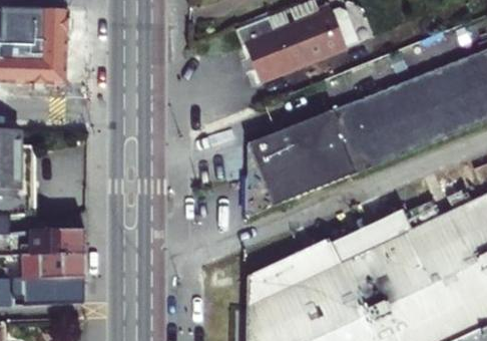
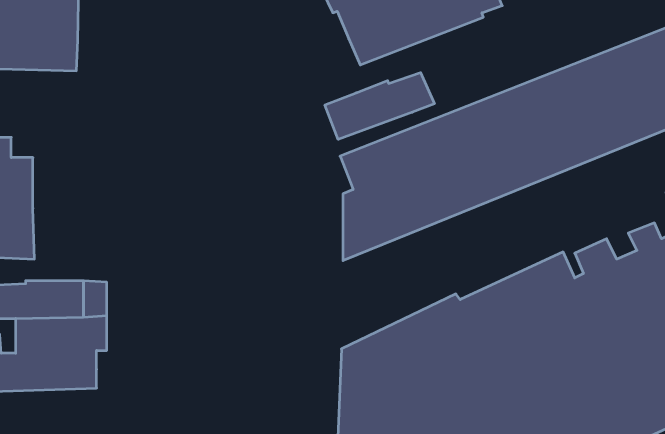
building: none -> [325,73,434,139]

